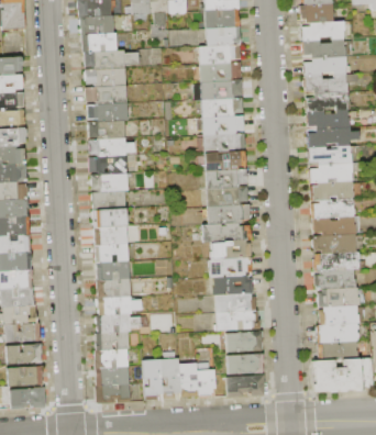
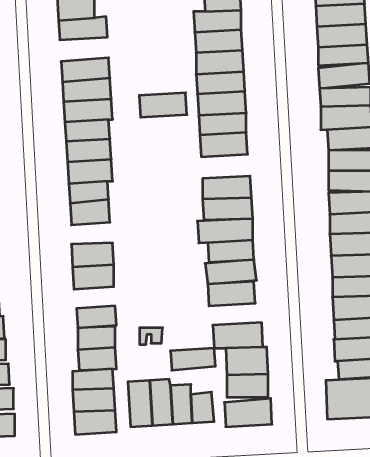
building: [84,66,125,87] -> none
building: [204,166,245,187] -> [139,93,187,117]
building: [93,224,129,243] -> none
building: [96,279,131,297] -> none
building: [213,293,252,312] -> [170,348,215,370]

